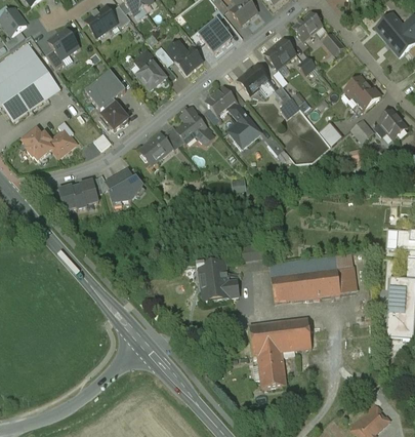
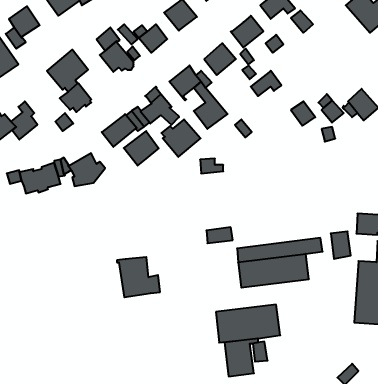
building: [344,76,380,111] -> none
building: none -> [161,119,201,157]
building: none -> [124,131,159,166]
building: [196,262,238,301] -> [117,257,160,297]
building: [336,267,356,293] -> [331,231,351,259]

